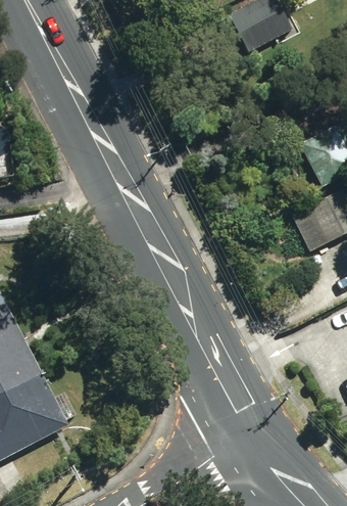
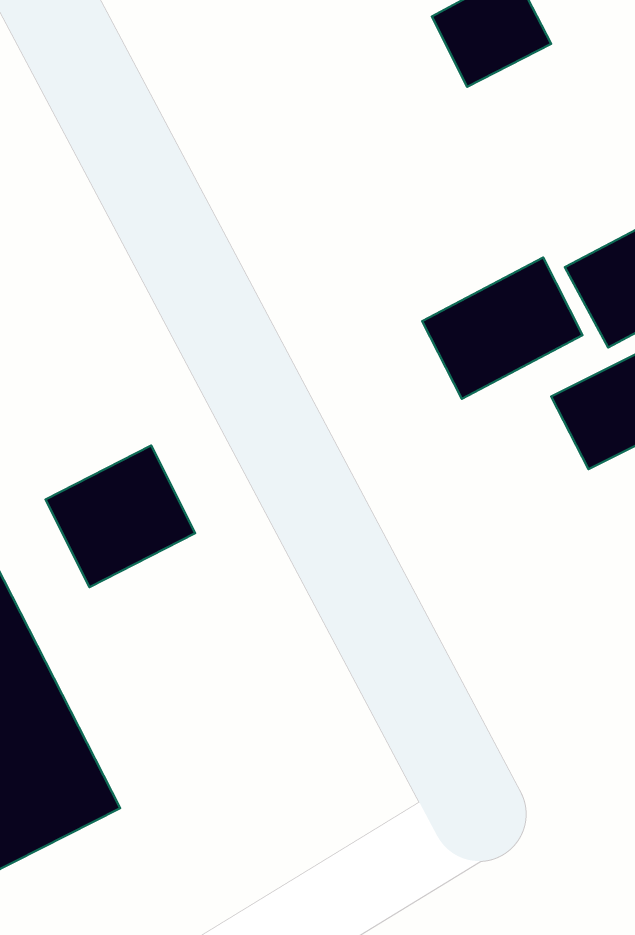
building: none -> [422,258,583,399]
building: none -> [46,445,195,587]

